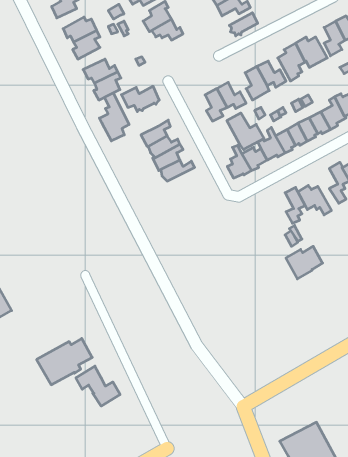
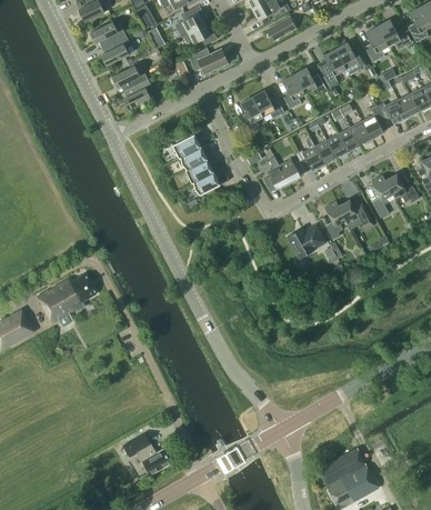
building: [121,86,159,112] -> [188,47,228,73]
building: [99,93,129,141] -> none
building: [227,113,264,150] -> none
building: [286,246,323,279] -> [287,223,325,258]
building: [37,338,92,385] -> [37,272,96,321]
building: [76,366,120,406] -> [124,431,171,473]

